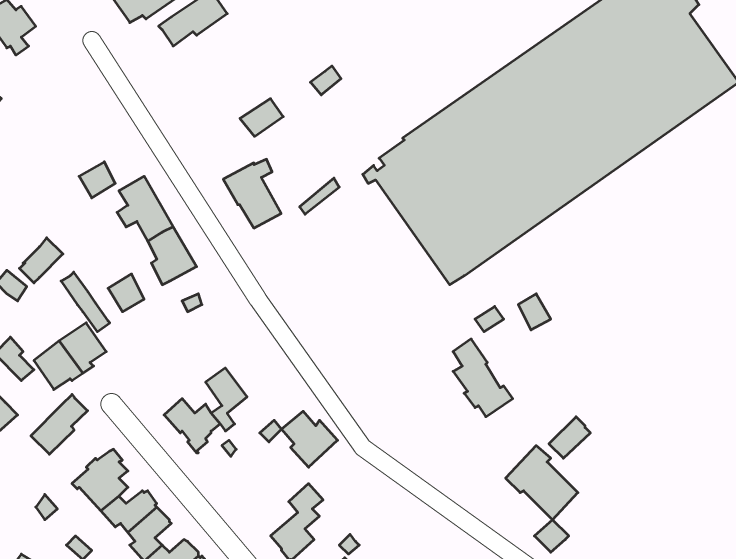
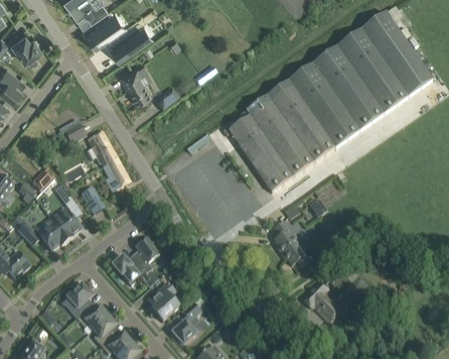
building: [223,159,281,228] -> [119,63,151,101]
building: [31,394,88,454] -> none
building: [281,411,338,467] -> [147,288,178,320]

